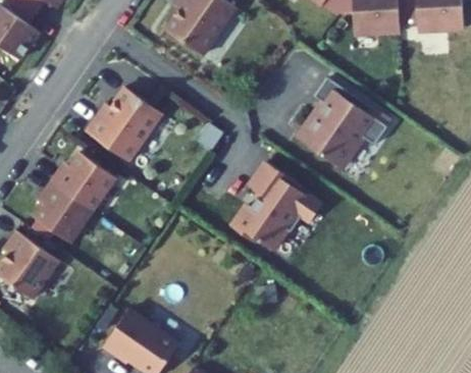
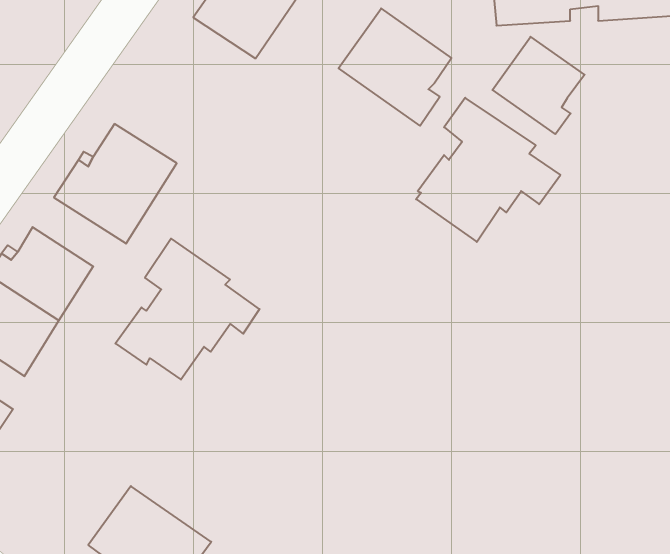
building: none -> [339,8,451,126]
building: none -> [492,37,585,134]
building: [234,163,324,251] -> [115,239,260,380]

